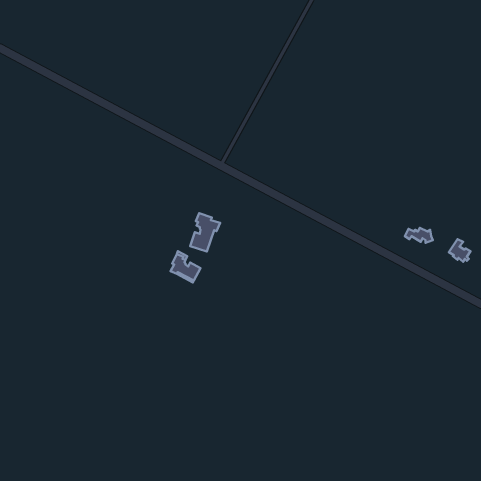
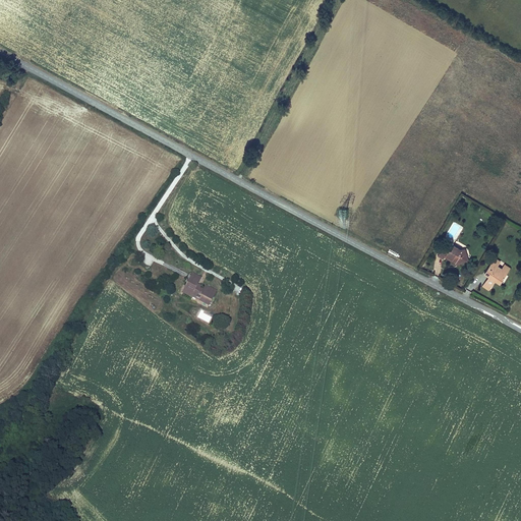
building: [190,213,220,252] -> none

